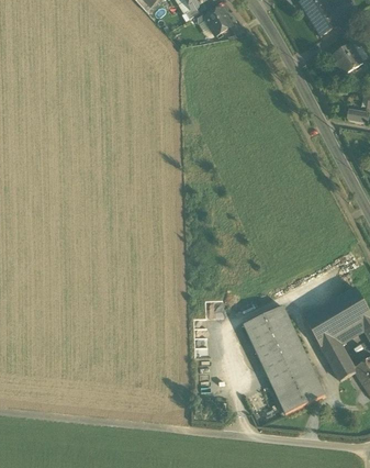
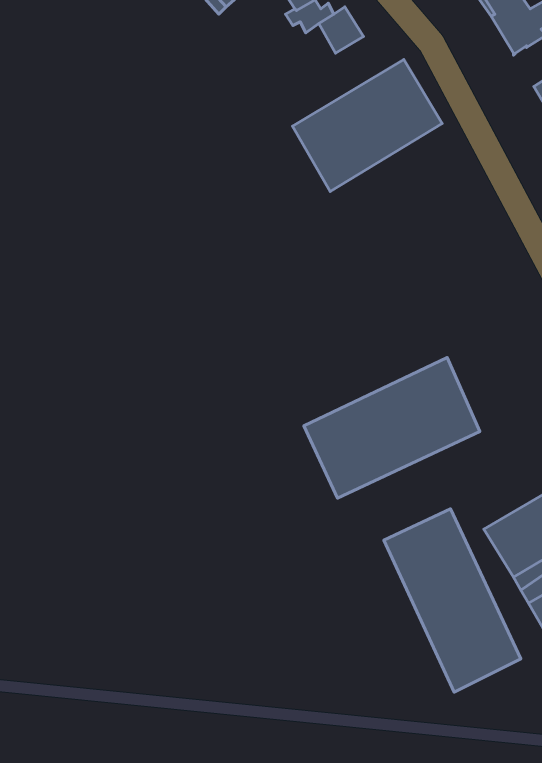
building: none -> [293,59,442,191]
building: none -> [304,358,480,498]

